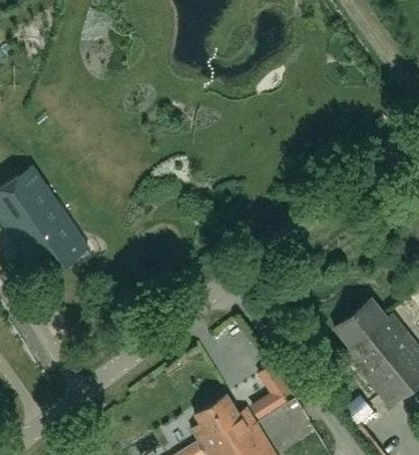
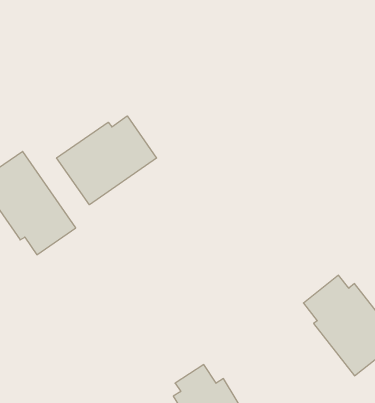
building: none -> [57,116,157,205]
building: [252,365,289,418] -> none

